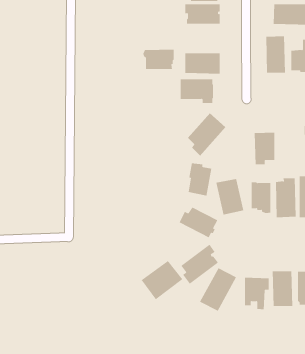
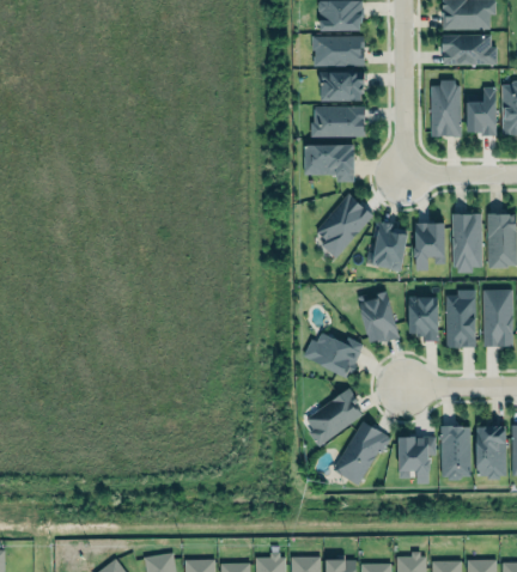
building: [143,49,174,69] -> [318,71,365,101]
building: none -> [449,212,480,272]
building: [188,163,212,196] -> [372,221,408,270]
building: [141,260,183,300] -> none

